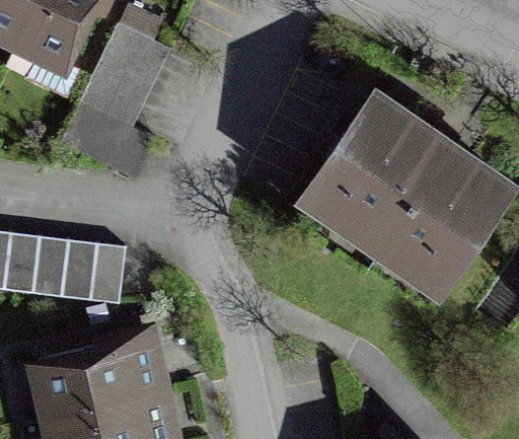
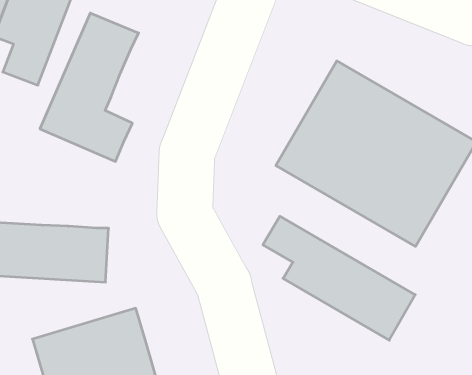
building: none -> [263,216,415,340]

